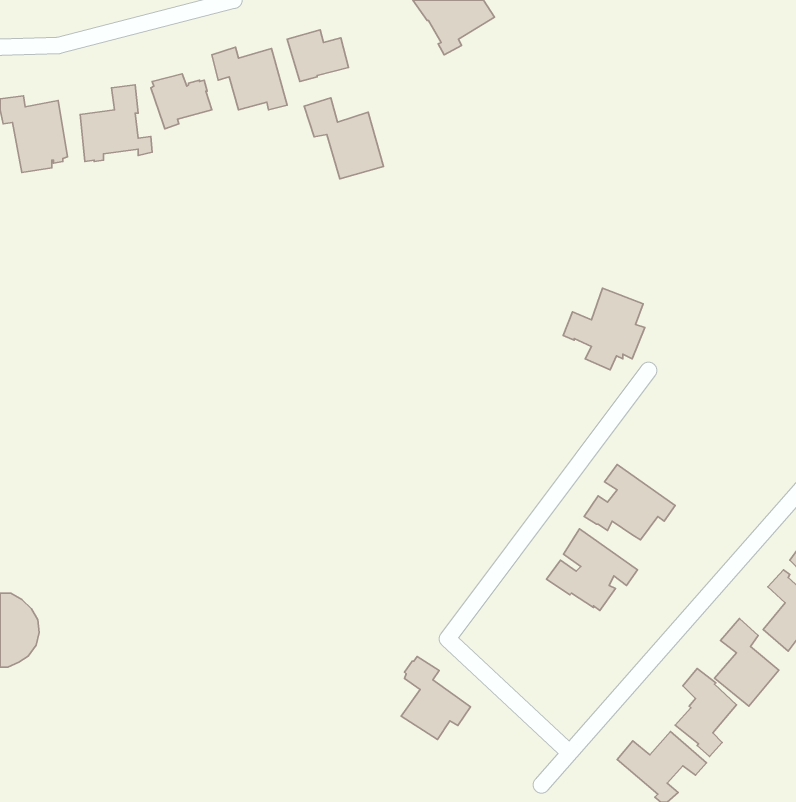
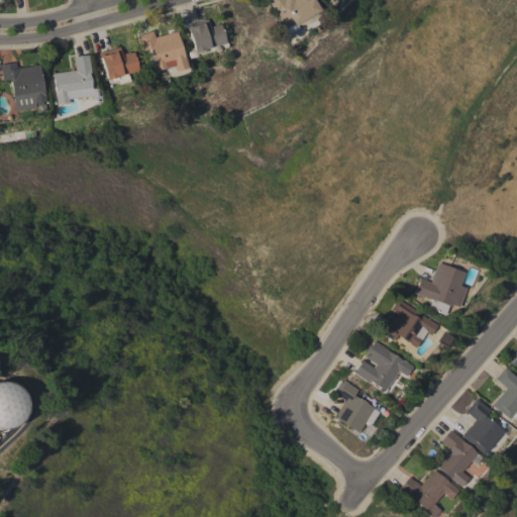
building: [304,98,384,179] -> none
building: [563,288,645,370] -> [415,263,468,315]
building: [401,656,470,740] -> [336,380,381,433]

